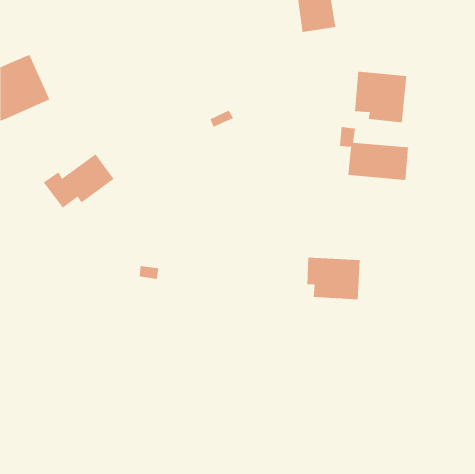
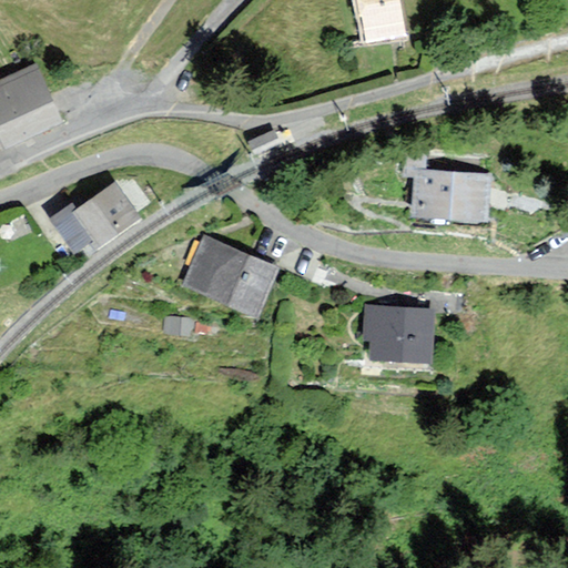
building: [354,71,407,123] -> none
building: none -> [187,240,273,311]

